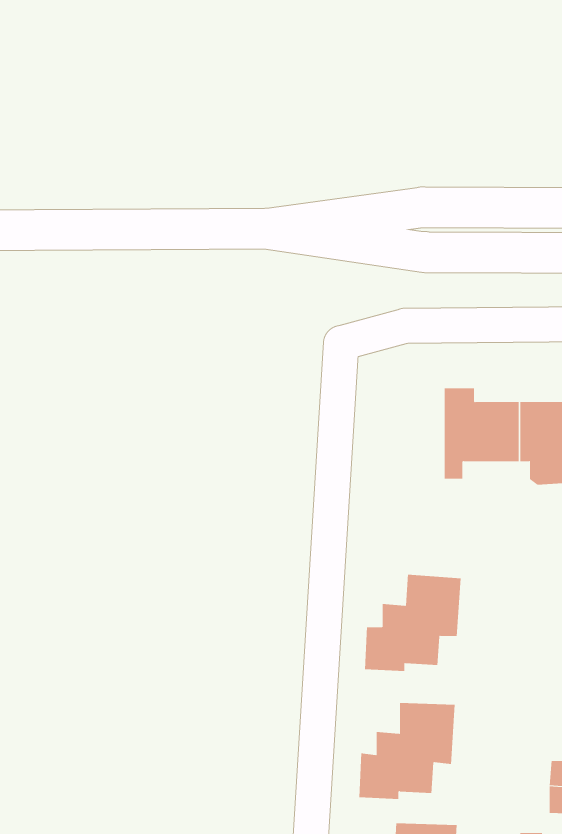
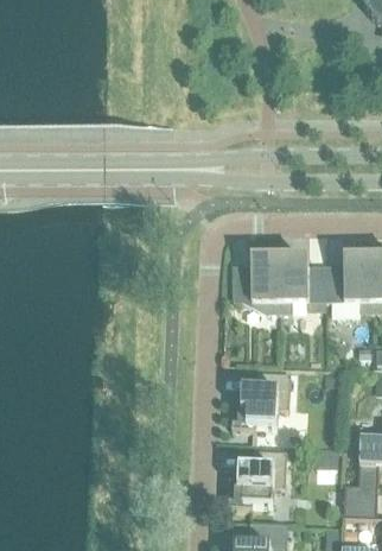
building: none -> [233,254,279,310]

